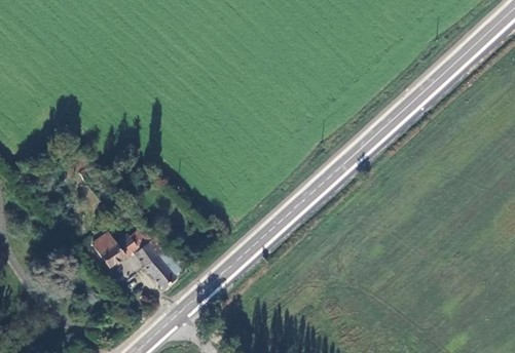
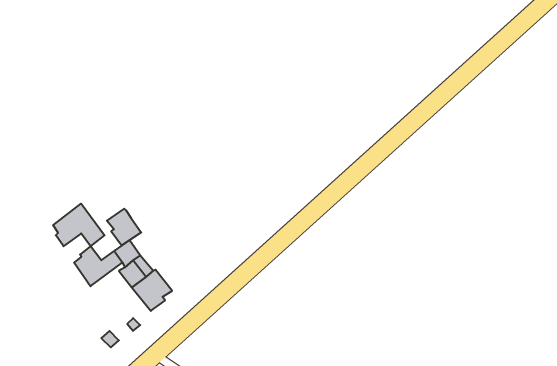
building: none -> [53,204,105,246]
building: none -> [107,209,141,246]

